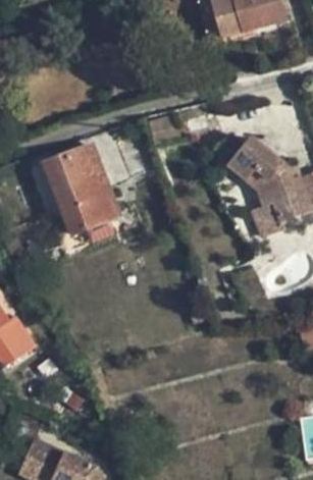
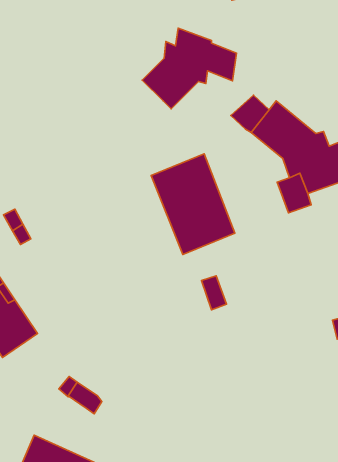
building: none -> [142,28,236,109]
building: [42,144,117,234] -> [151,154,235,255]

